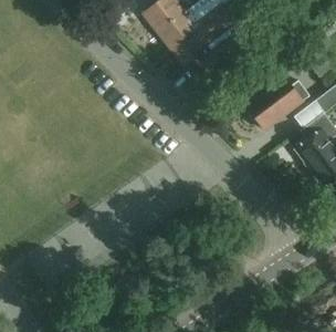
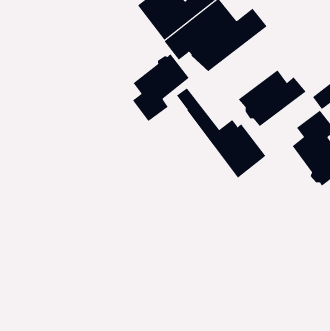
building: none -> [132,54,189,122]
building: none -> [176,87,266,179]

